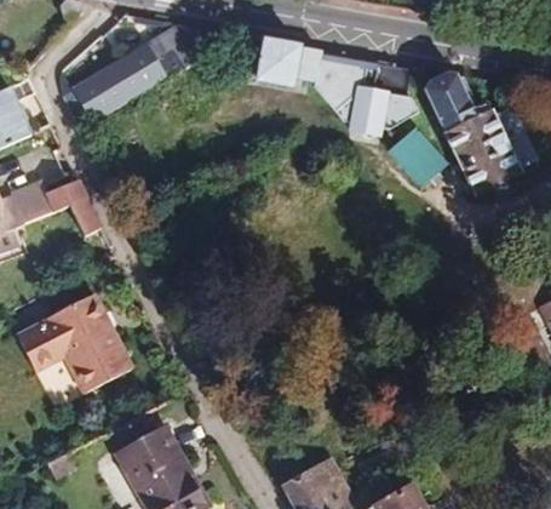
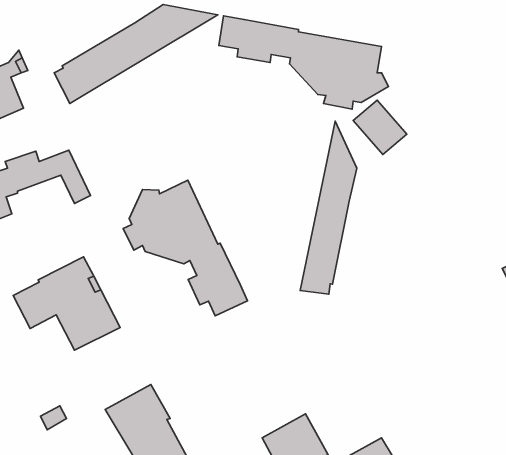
building: [424,73,538,196] -> none
building: none -> [300,121,357,294]
building: none -> [123,180,247,316]

